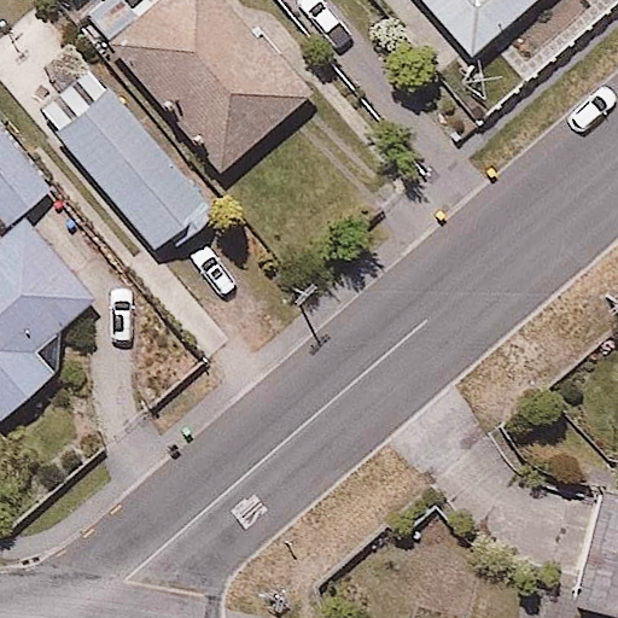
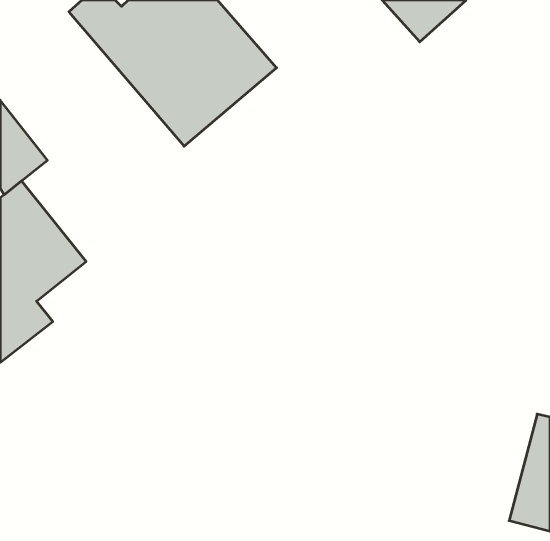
building: [34,64,216,261] -> none

